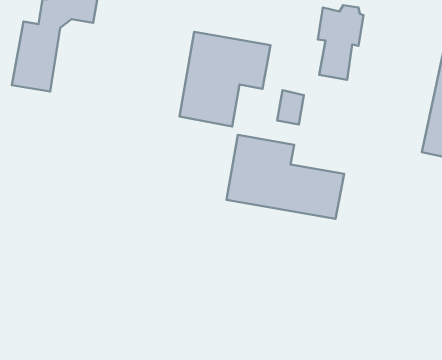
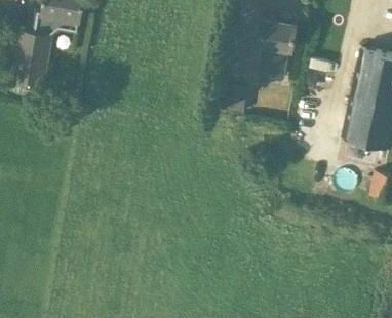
building: [179,32,270,127] -> none
building: [227,135,344,219] -> none

